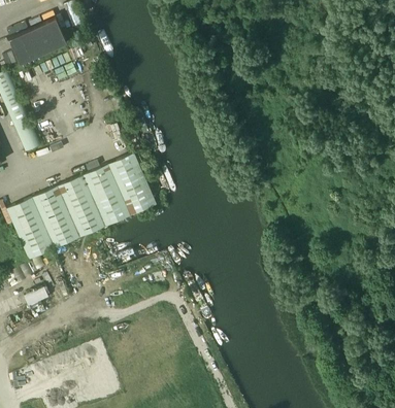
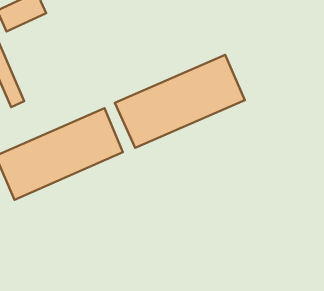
building: none -> [115,55,245,148]

